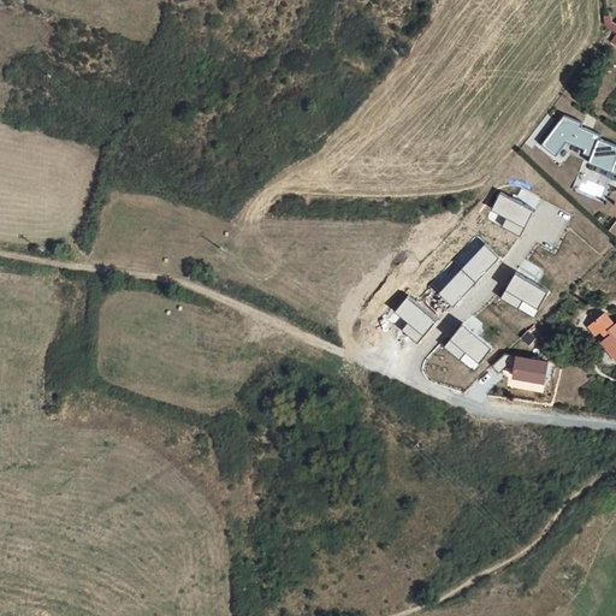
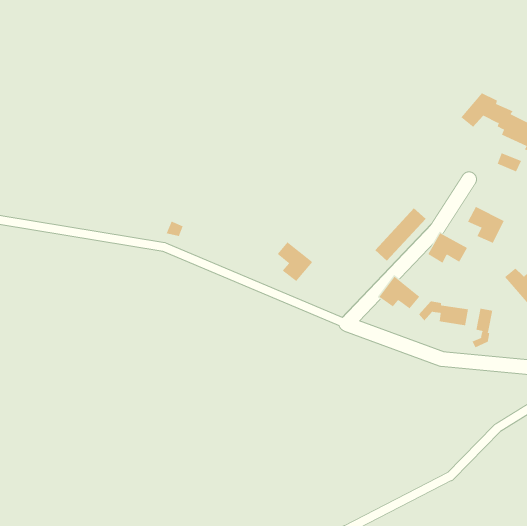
building: [488,194,532,237] -> [467,206,505,244]
building: [393,298,436,345] -> [277,241,313,282]
building: none -> [472,308,493,348]

